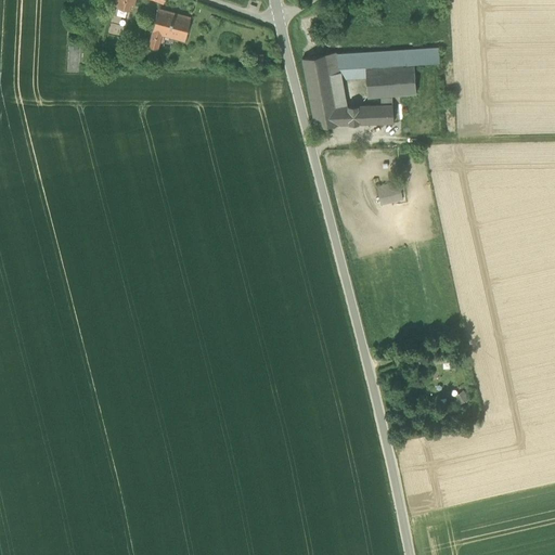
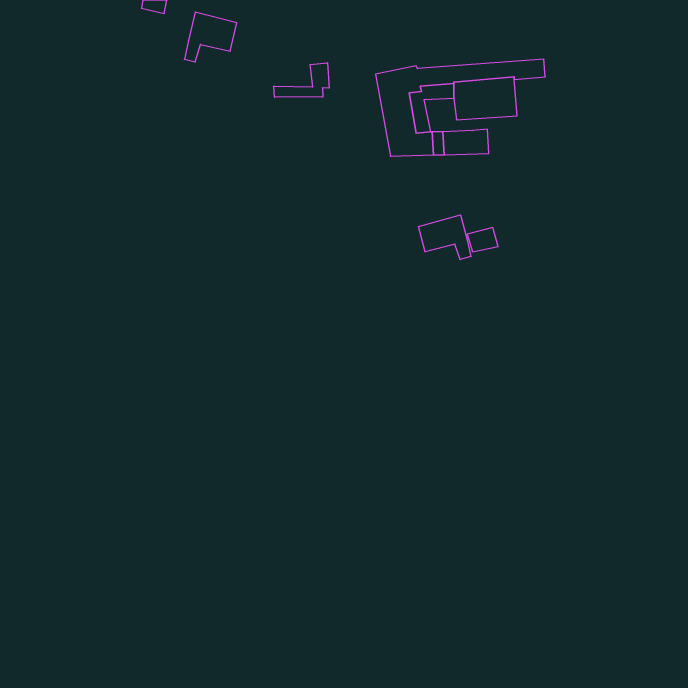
building: none -> [274,63,329,97]
building: none -> [419,215,471,260]

